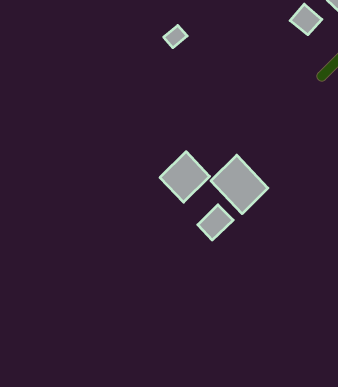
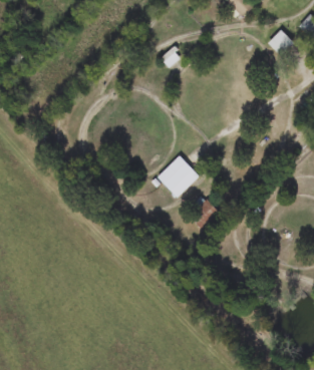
building: [211,155,268,214] -> none

